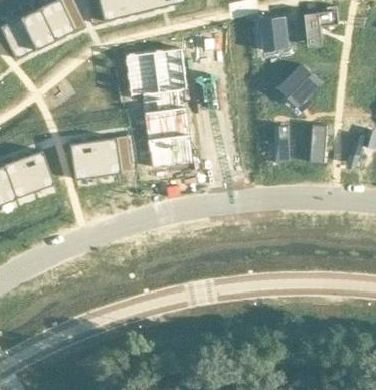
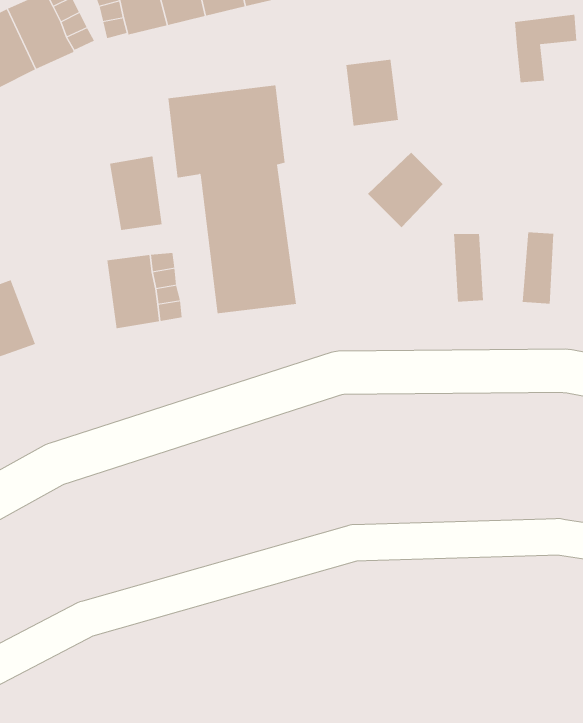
building: [259,16,288,51] -> [345,59,399,126]
building: [278,65,319,106] -> [367,152,443,228]
building: [66,140,95,179] -> [109,156,163,230]

